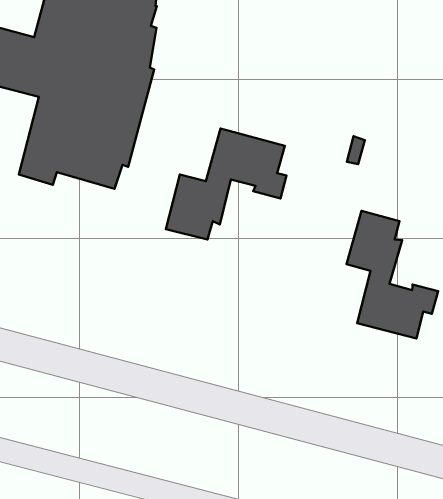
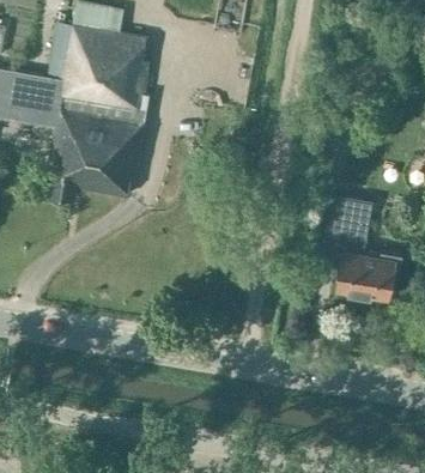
building: [166,129,286,240] -> none

